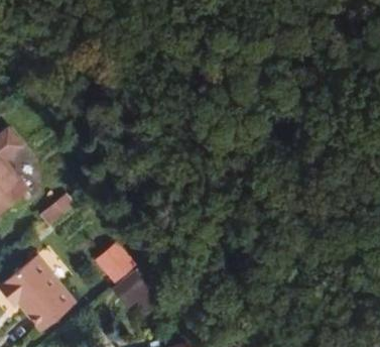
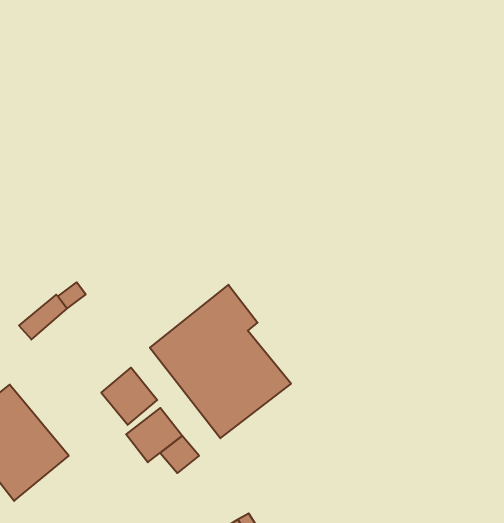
building: none -> [150,285,291,438]

